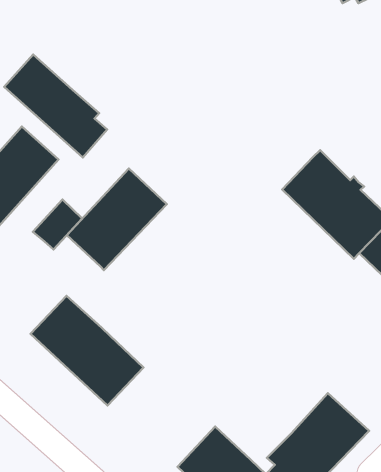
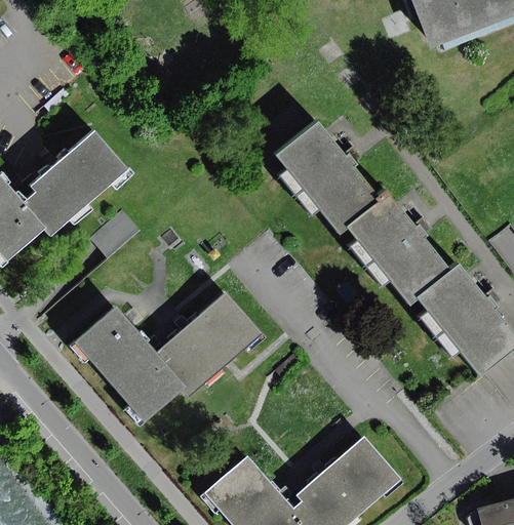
building: [4,54,107,158] -> none
building: none -> [277,121,381,231]
building: [67,168,167,270] -> [154,293,259,393]

